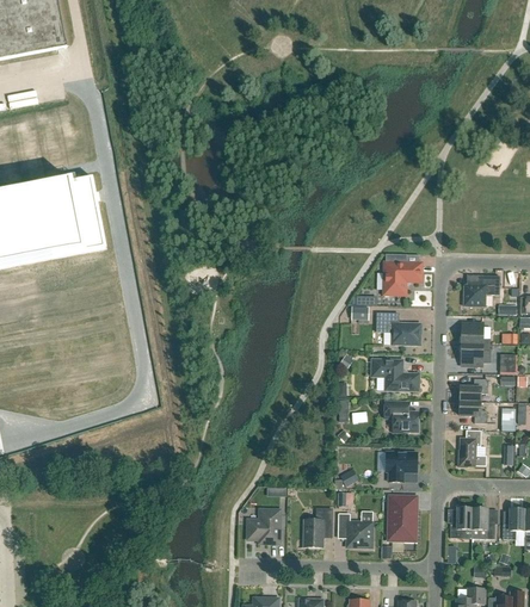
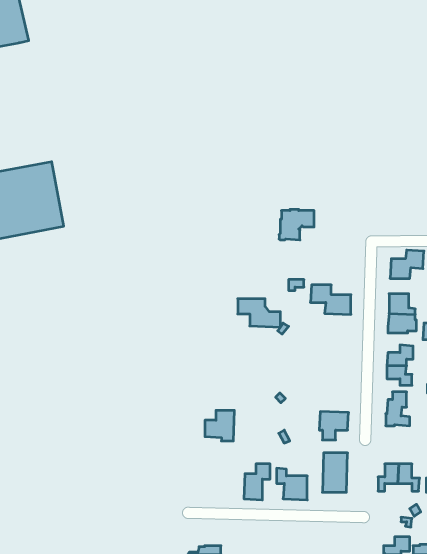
building: [383,261,421,295] -> [279,209,314,240]
building: [372,359,419,390] -> [238,299,280,327]
building: [384,401,418,432] -> none
building: [248,509,281,543] -> [205,410,234,441]

